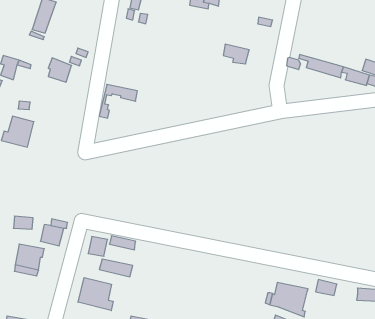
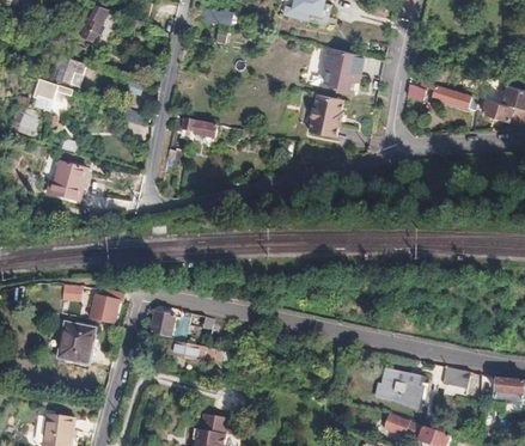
building: none -> [322,45,364,73]
building: [48,58,72,82] -> [60,56,90,87]
building: none -> [309,93,343,136]
building: [78,278,113,311] -> none

